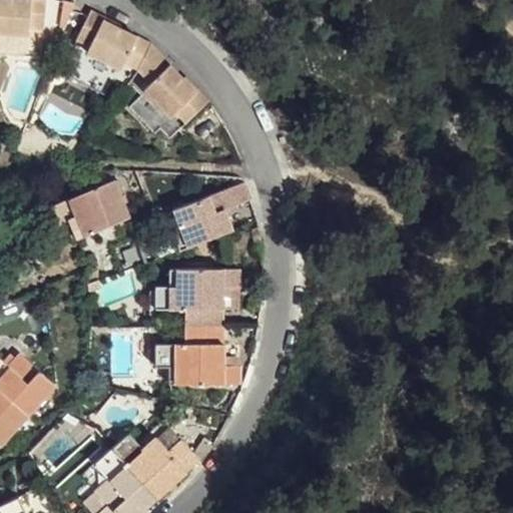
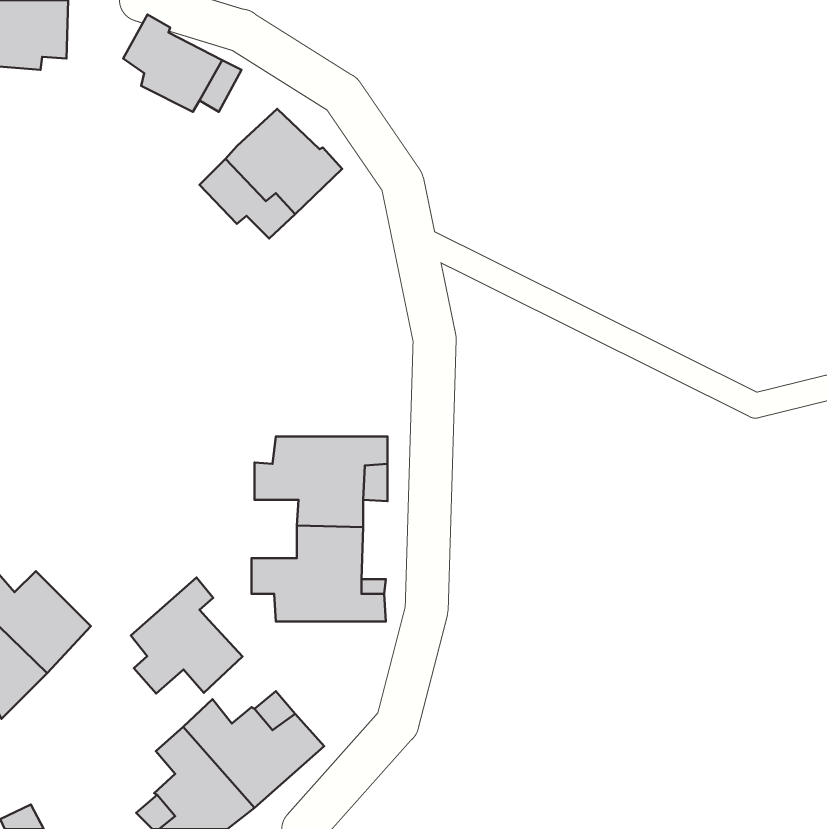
building: [135,43,171,90] -> none
building: [56,181,128,237] -> none
building: [172,181,251,249] -> none
building: none -> [131,577,242,693]

